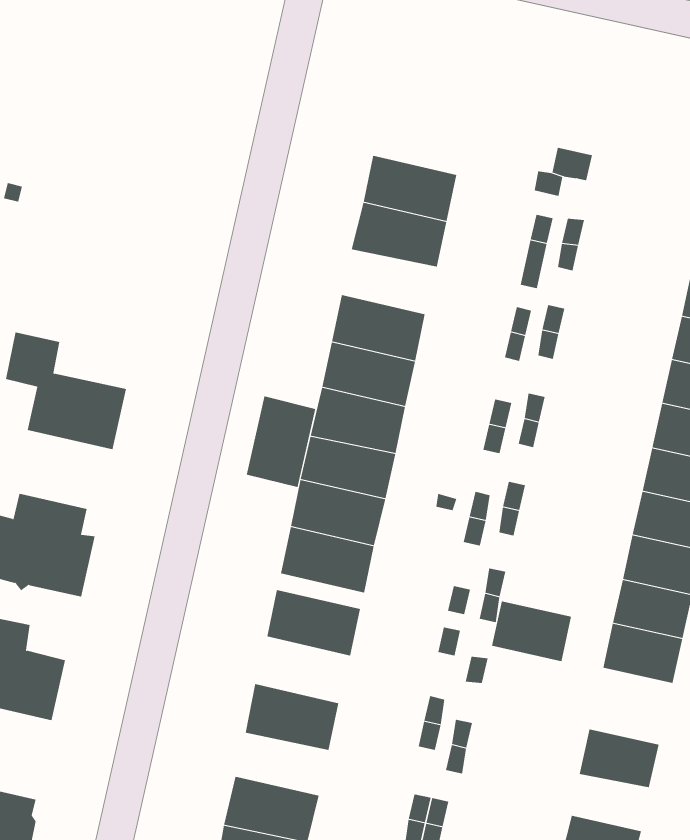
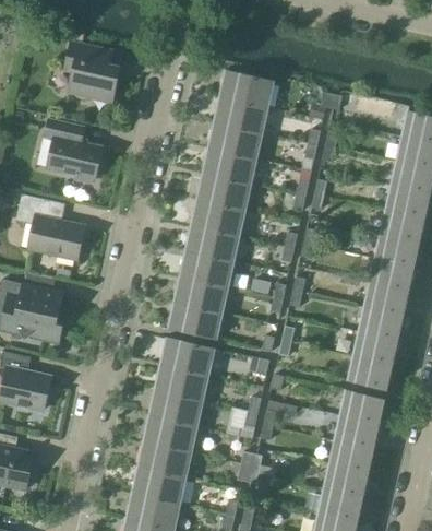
building: none -> [65,43,119,102]
building: none -> [220,71,273,107]
building: none -> [46,120,101,182]
building: none -> [203,149,256,185]
building: [246,396,316,488] -> none
building: [491,601,572,662] -> [340,390,385,424]
building: none -> [155,364,208,401]
building: none -> [144,417,196,452]
building: none -> [331,440,374,472]

